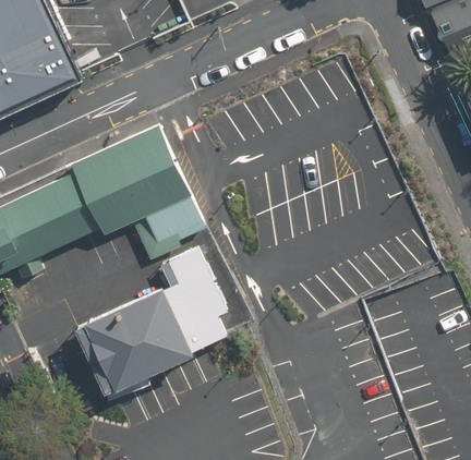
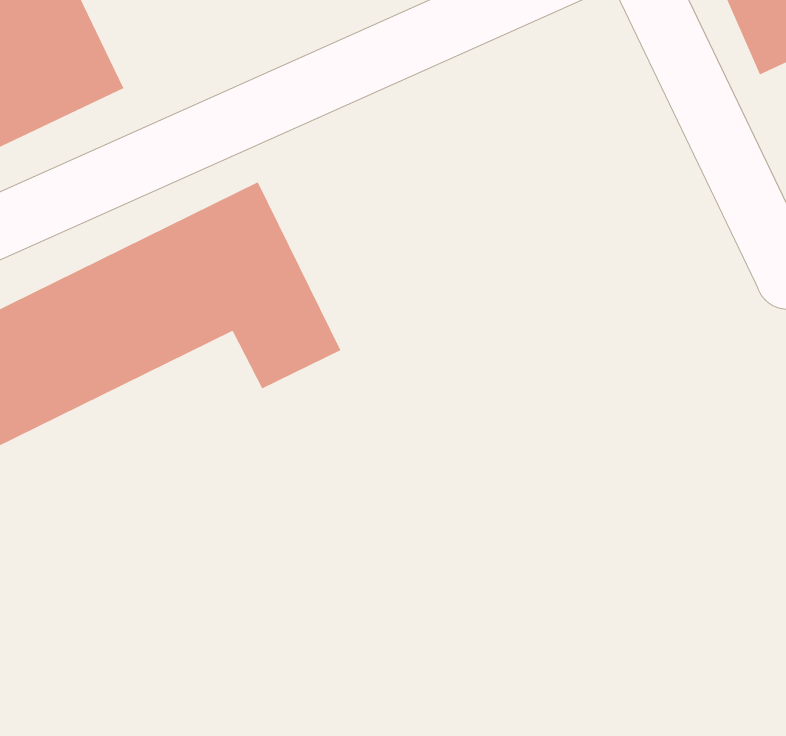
building: [77,251,238,394] -> none

